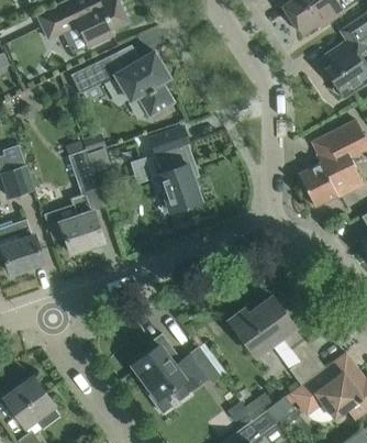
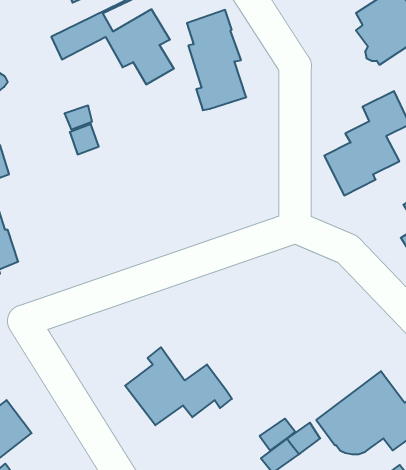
building: [151,128,200,211] -> [187,10,246,110]
building: [64,141,96,189] -> none
building: [47,192,103,253] -> none
building: [229,297,324,385] -> none

